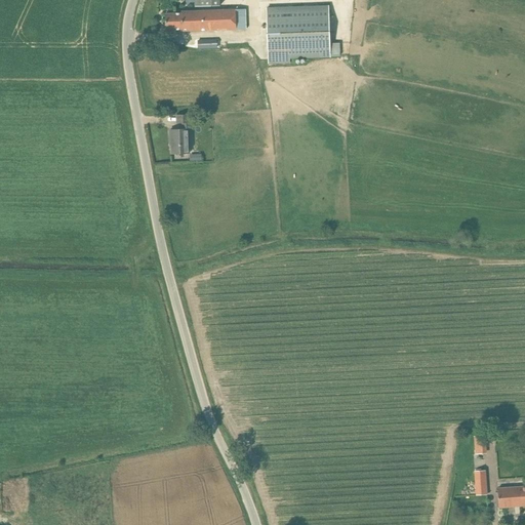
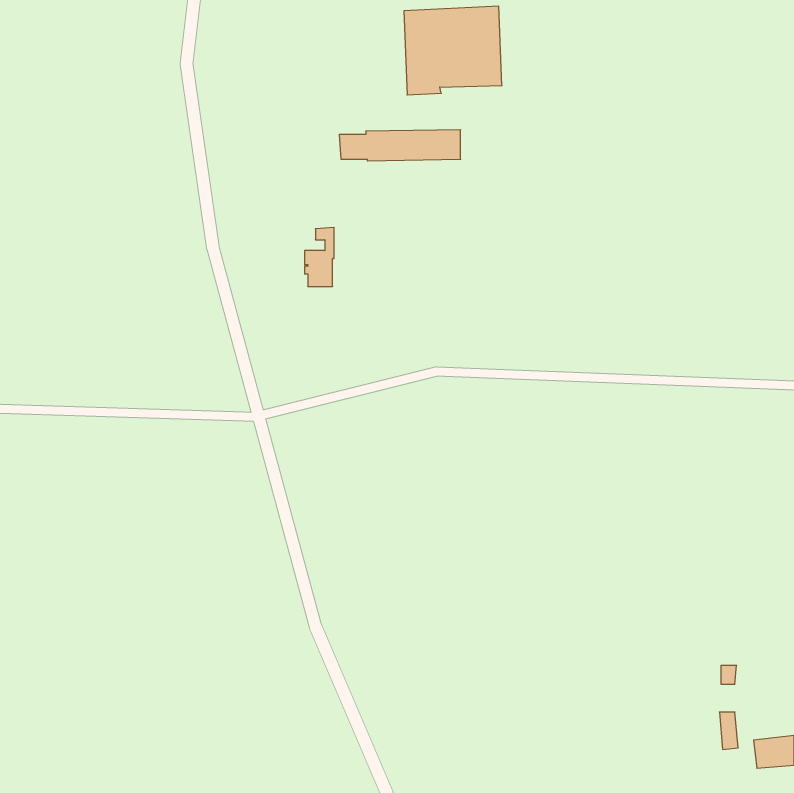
building: [165,9,245,30] -> [339,130,461,161]
building: [170,114,190,153] -> [305,227,334,286]

